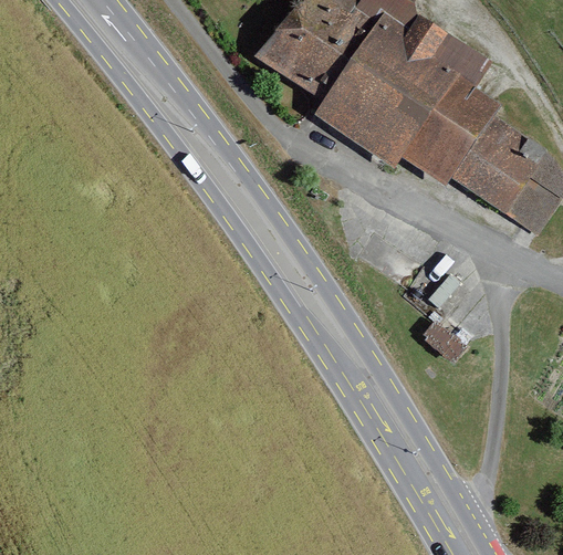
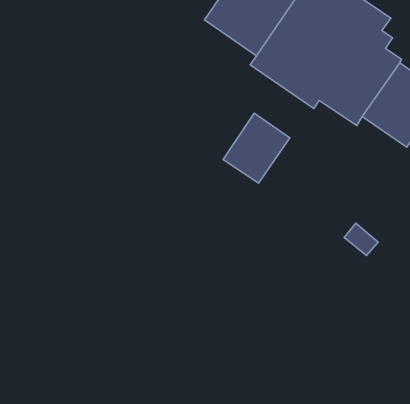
building: none -> [223,113,290,183]

